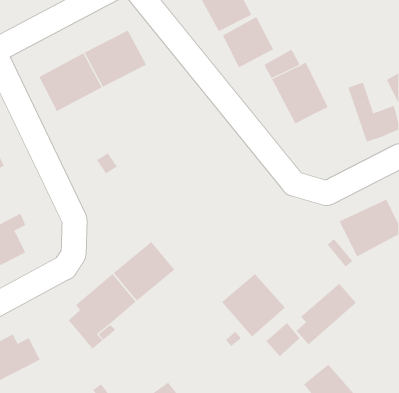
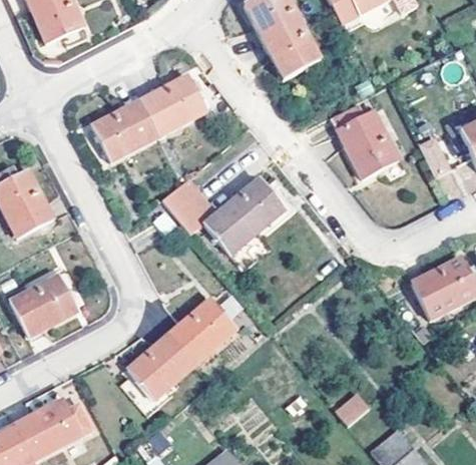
building: [222,16,274,68] -> none
building: none -> [162,178,286,271]
building: [221,273,286,337] -> none
building: [296,283,356,345] -> none

